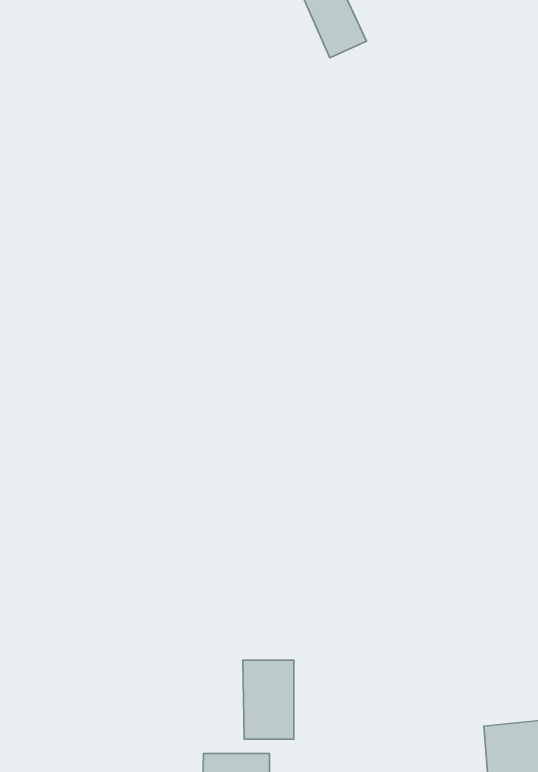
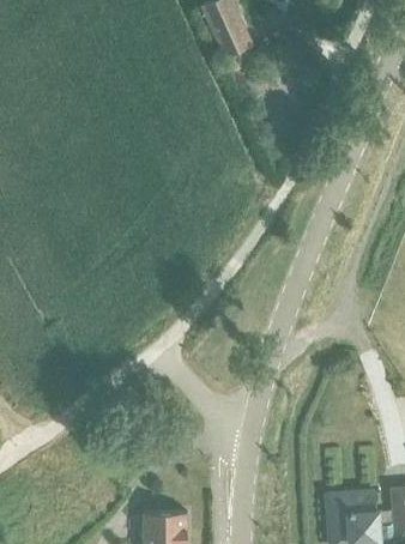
building: [243,660,294,739] -> none

